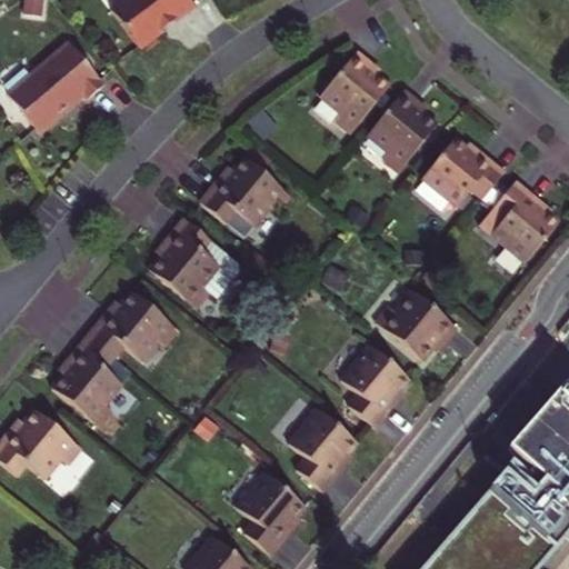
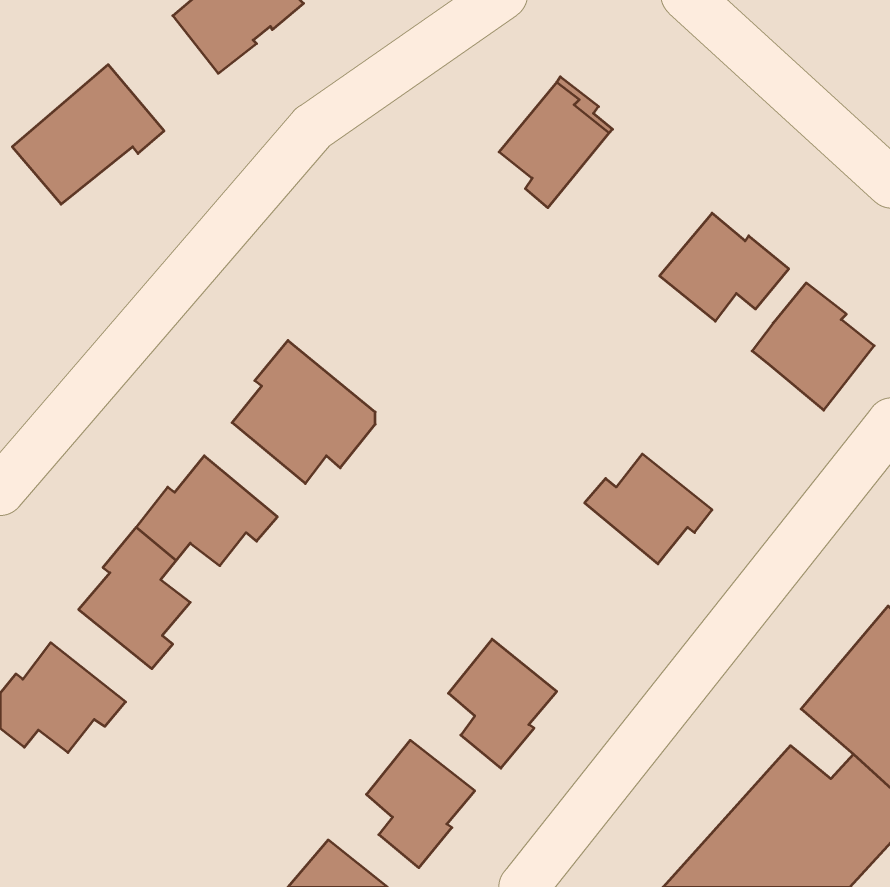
building: [367,89,437,170] -> none
building: [199,154,289,237] -> none
building: [339,343,408,426] -> none

